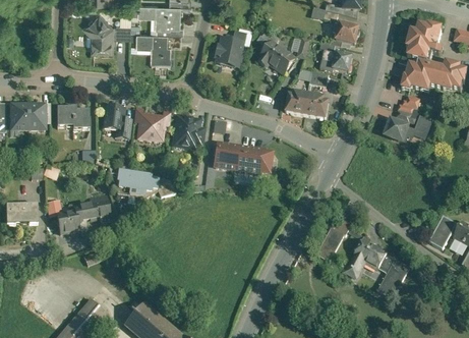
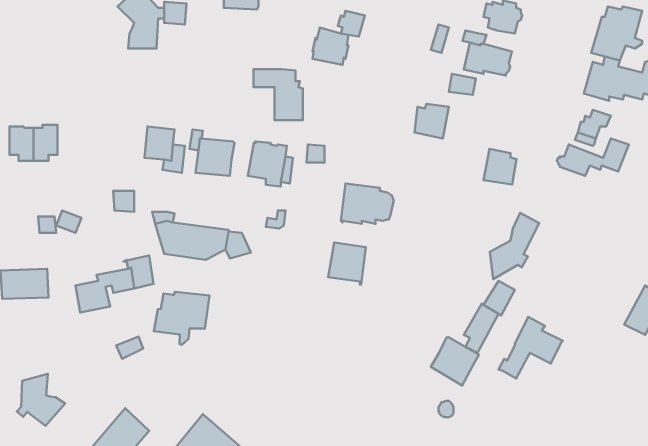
building: [136,32,170,66] -> [253,69,303,120]
building: [259,42,296,74] -> none
building: [305,94,328,118] -> [484,149,517,185]
building: [56,106,89,129] -> none
building: [214,143,239,171] -> [328,243,366,285]
building: none -> [490,213,539,279]
building: none -> [154,292,209,345]
building: none -> [431,337,479,386]
building: [377,254,409,298] -> none
building: none -> [17,374,65,426]

